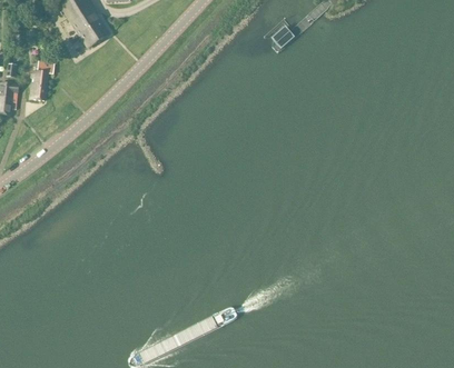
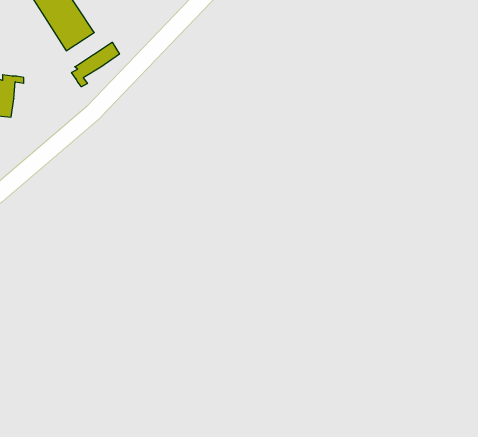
building: none -> [72,42,119,87]

